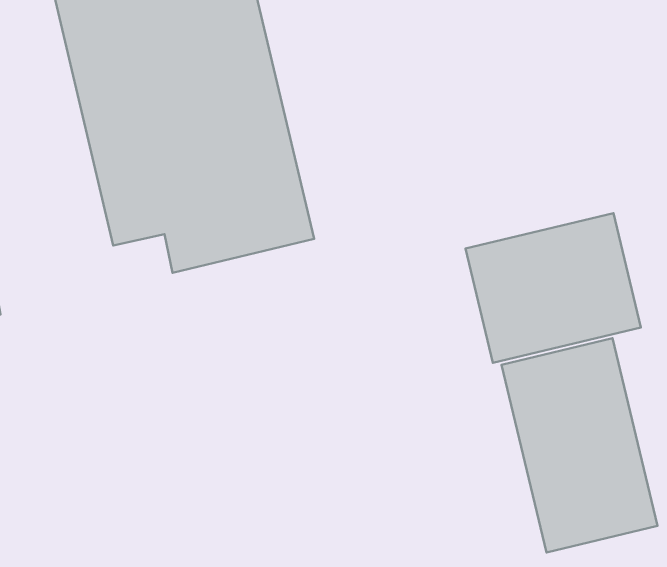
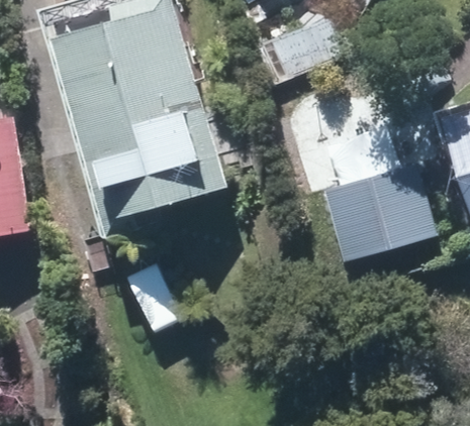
building: [502,338,657,552] -> none

